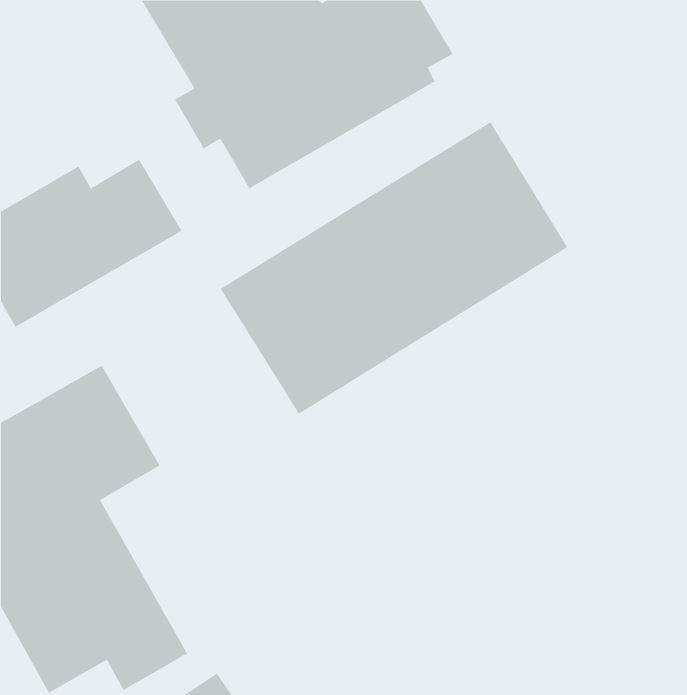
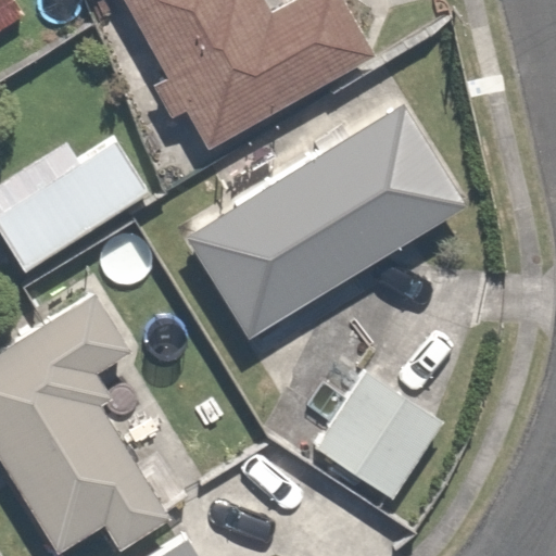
building: none -> [314,367,442,496]

